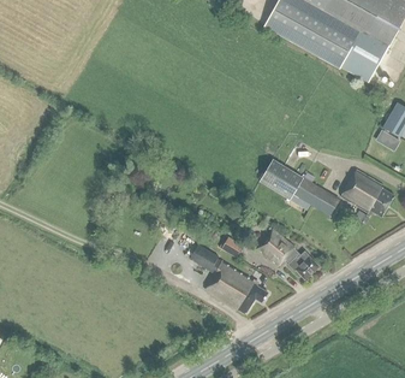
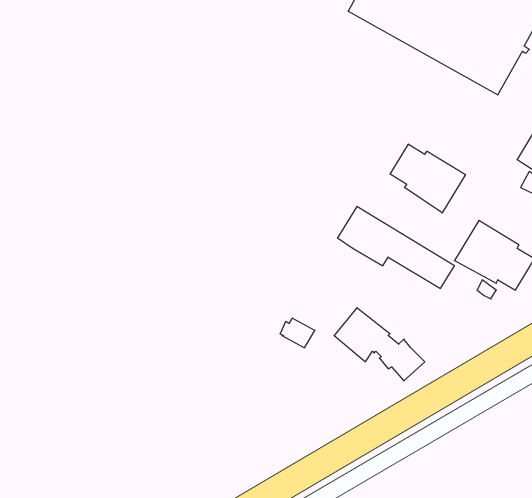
building: none -> [390,144,465,213]
building: [185,241,268,313] -> none

